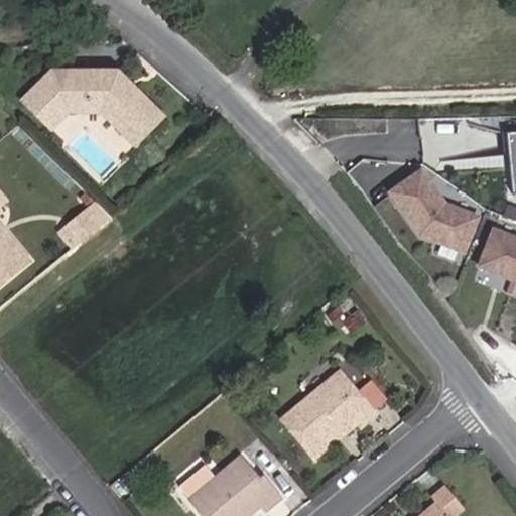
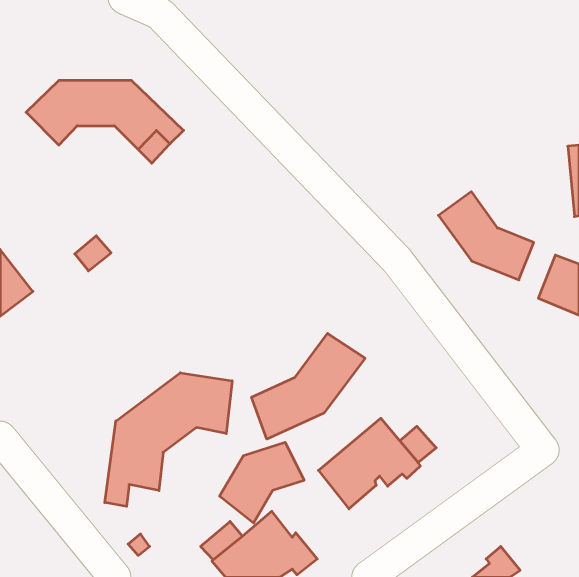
building: none -> [252,333,365,439]
building: none -> [105,373,232,506]
building: none -> [220,442,304,523]

